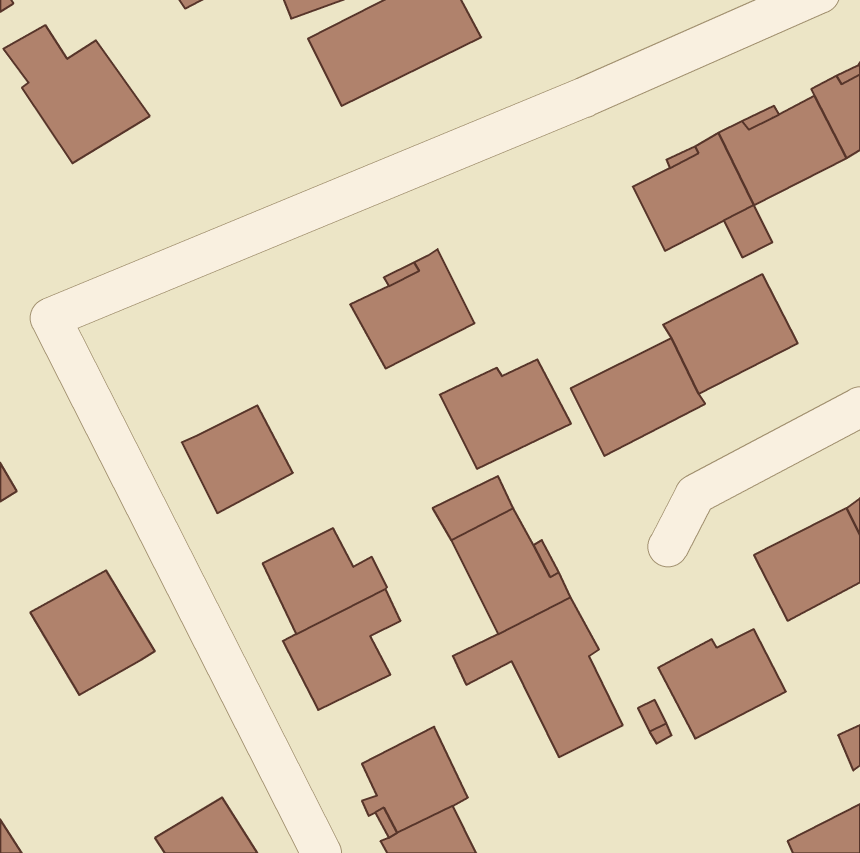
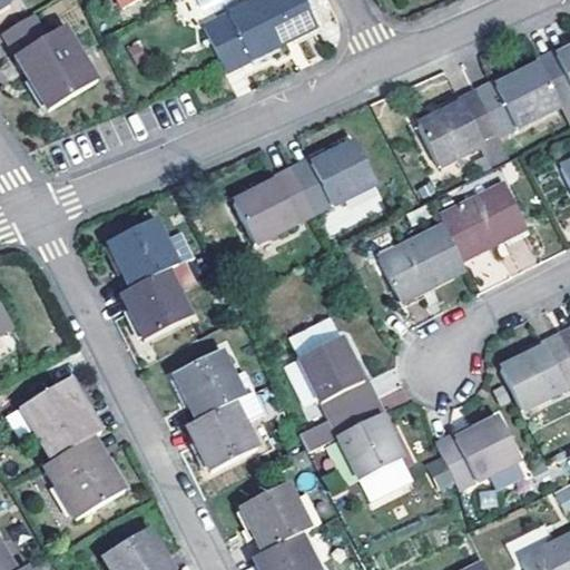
building: none -> [107,218,194,288]
building: [440,359,571,469] -> [289,141,376,214]
building: none -> [46,436,122,518]

